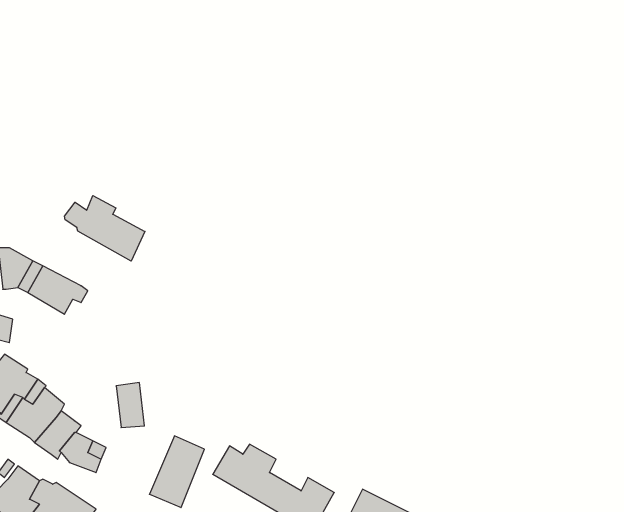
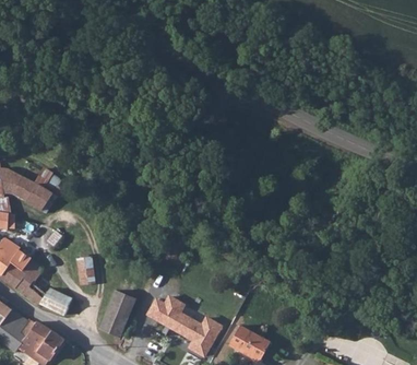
building: [64,196,145,261] -> none

